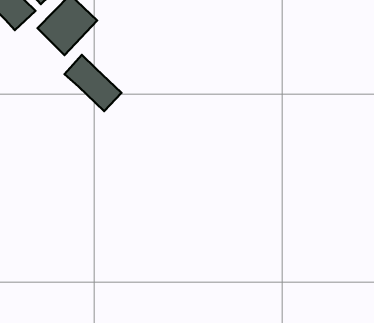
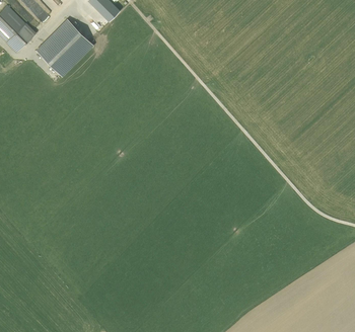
building: [64,55,122,111] -> none

